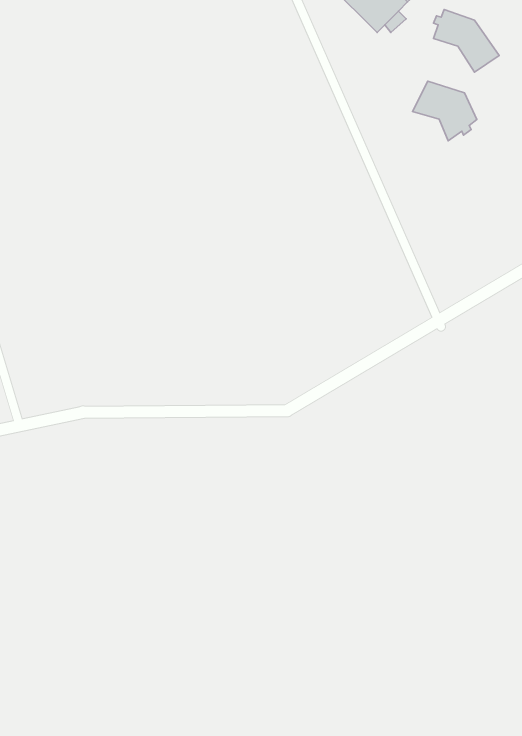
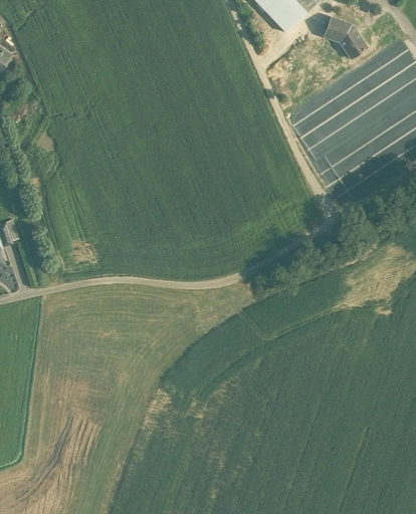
building: [412,81,477,141] -> none

